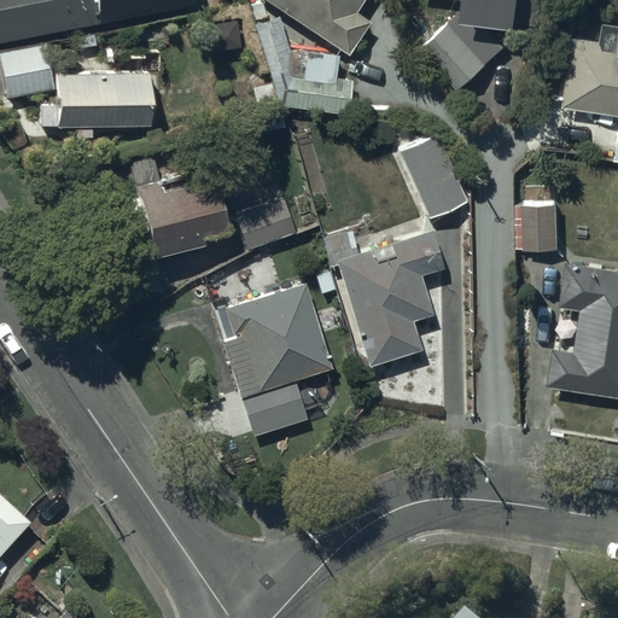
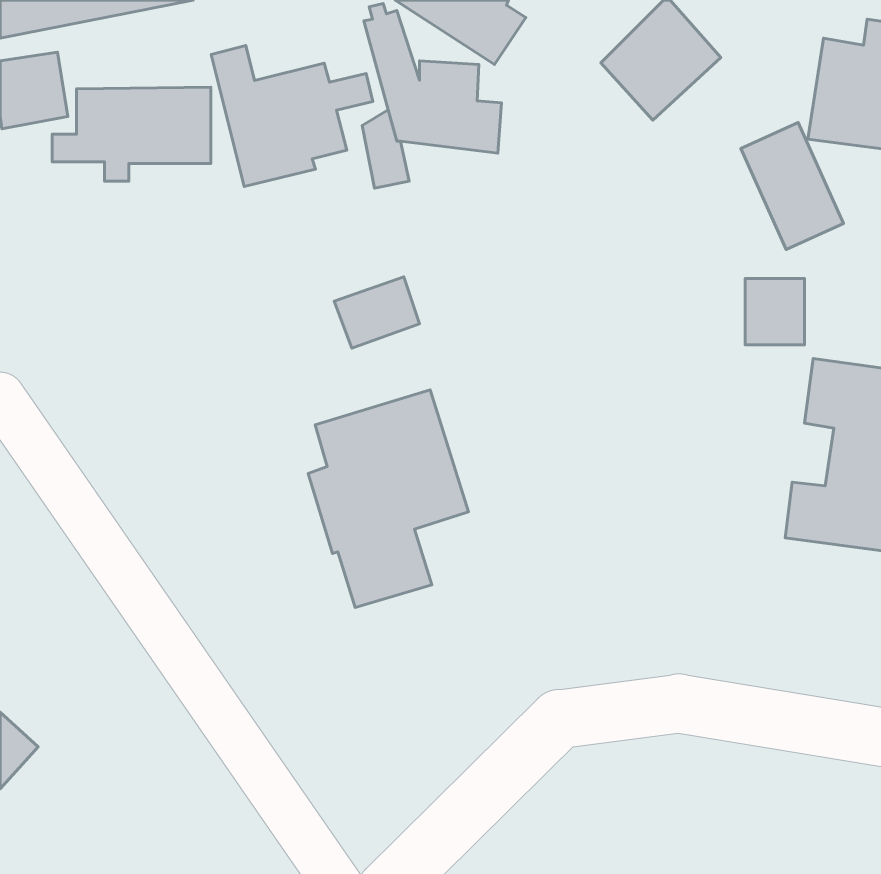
building: [397,134,468,222] -> [741,122,843,250]
building: [132,157,244,255] -> [211,46,373,187]
building: [322,229,442,367] -> none

